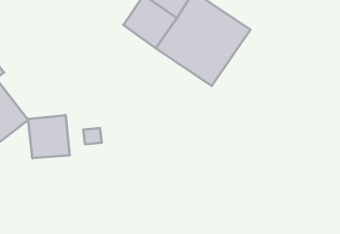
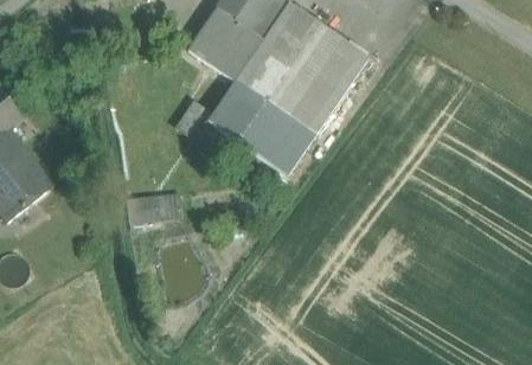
building: none -> [209,81,314,174]
building: [28,115,69,158] -> none

